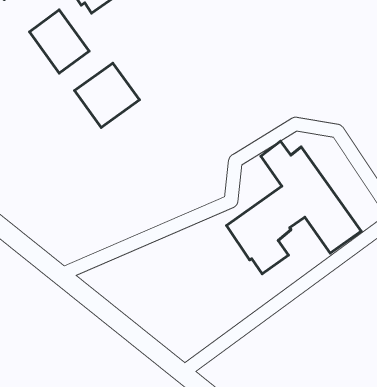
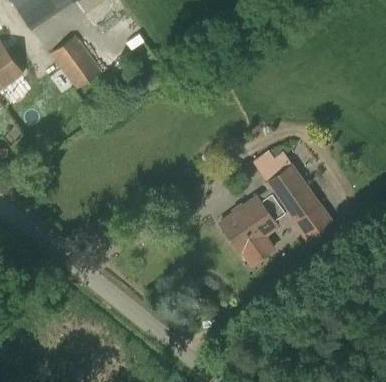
building: [75,63,139,127] -> none

